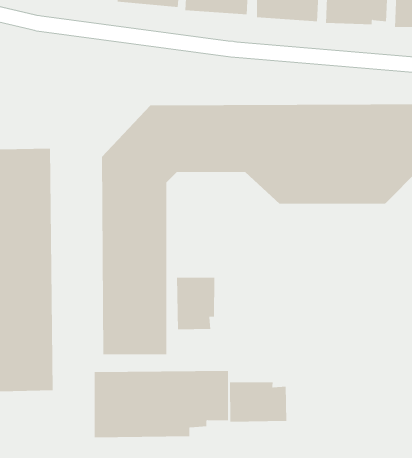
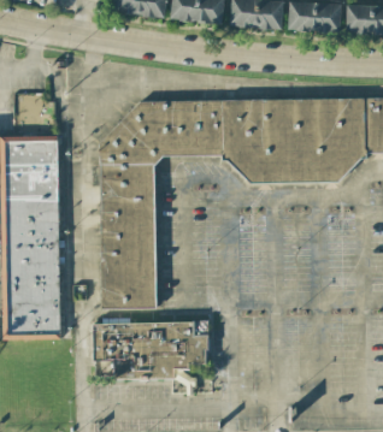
building: [176,277,215,330] -> none
building: [229,382,287,423] -> none

